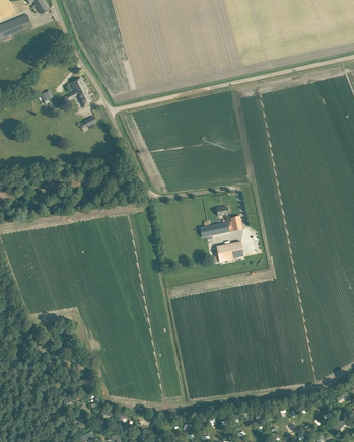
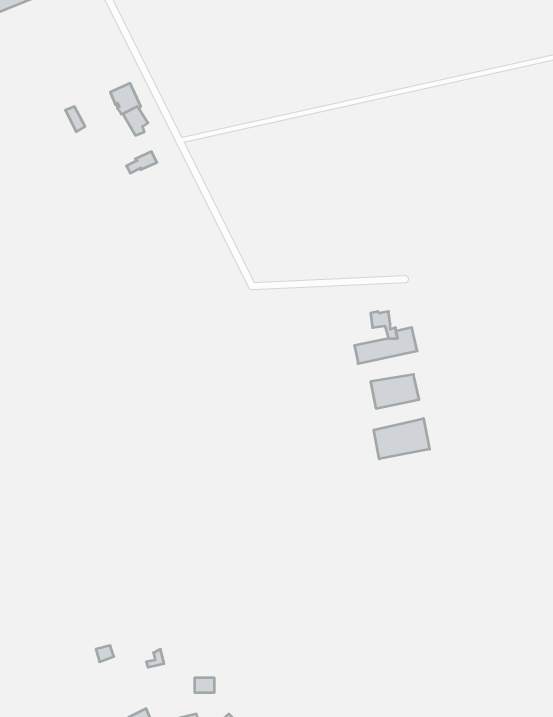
building: none -> [374,418,430,459]

